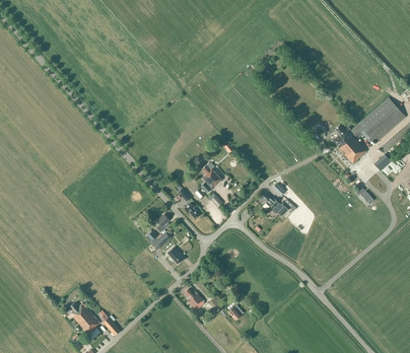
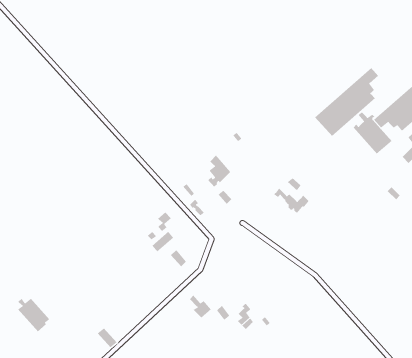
building: none -> [314,67,379,137]
building: [69,303,98,334] -> [17,298,50,332]

